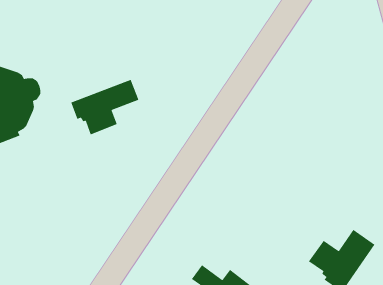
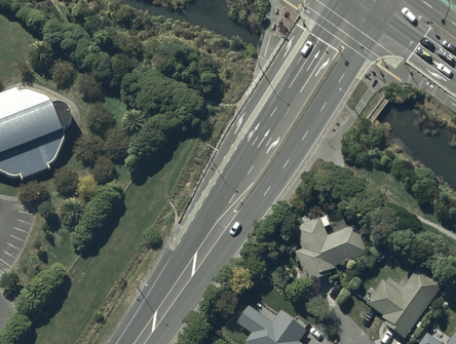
building: [70,79,140,136] -> none
building: none -> [295,217,366,283]

